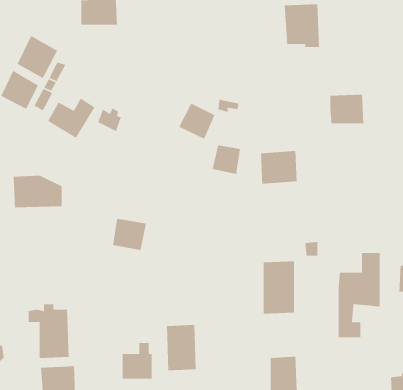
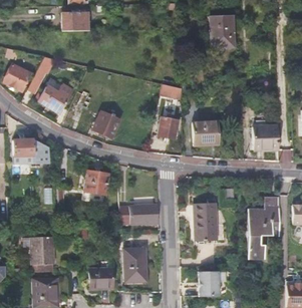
building: [17,35,58,79] -> none
building: [330,94,364,124] -> [252,127,277,149]
building: [178,102,216,140] -> [92,111,119,138]
building: none -> [119,206,158,224]

